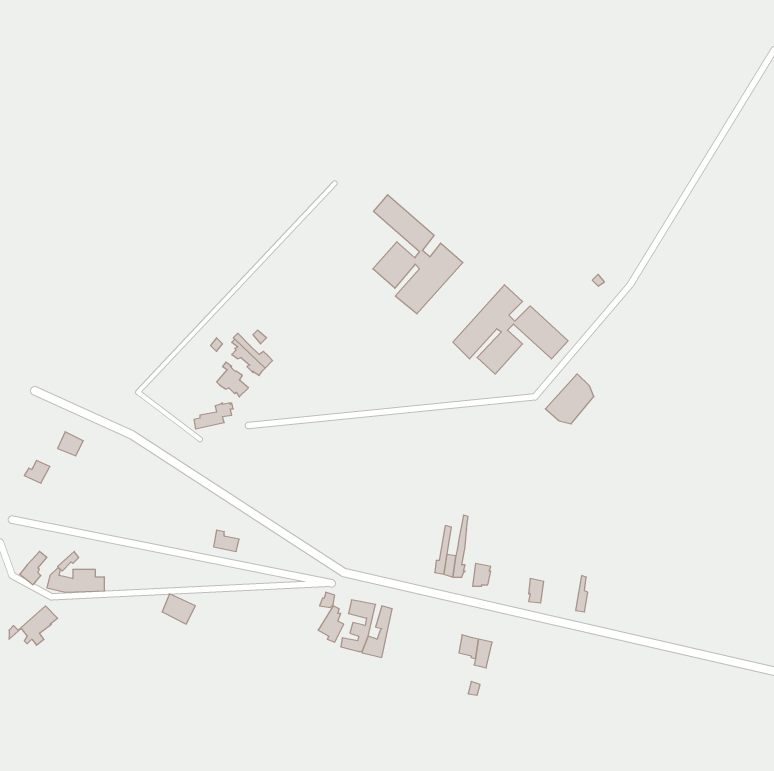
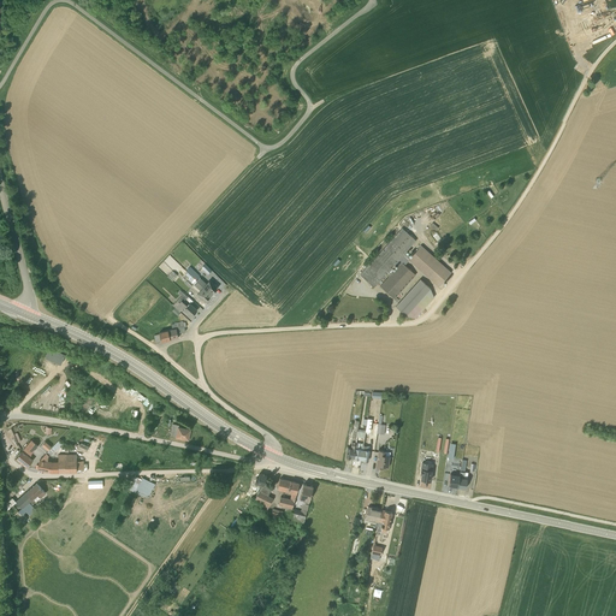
building: [373,195,463,314] -> none
building: [545,374,594,424] -> [395,279,433,319]

